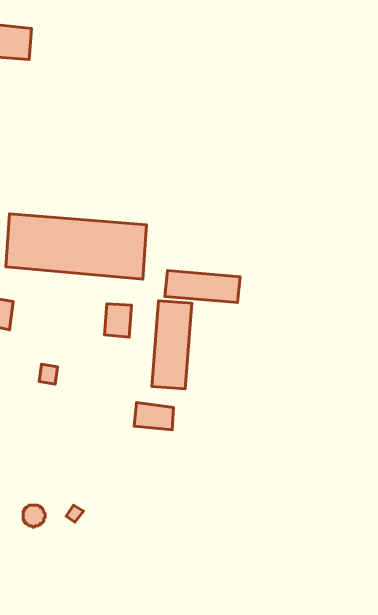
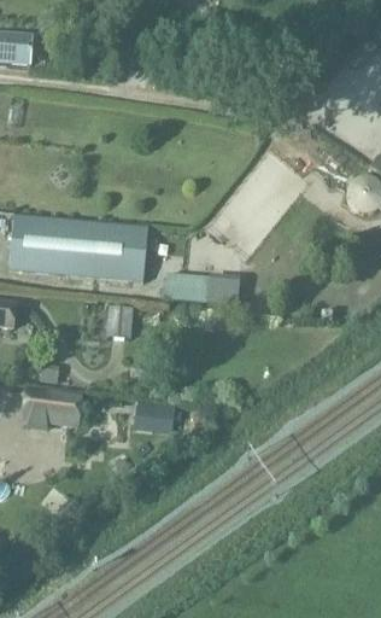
building: [152,301,192,389] -> none
building: none -> [22,387,78,425]

